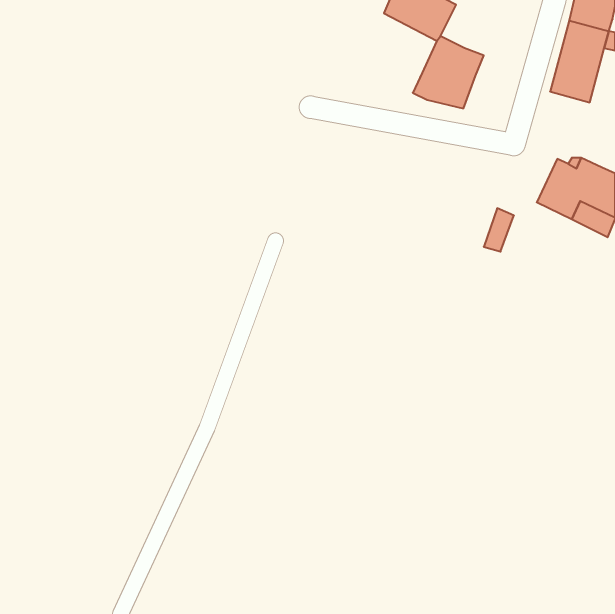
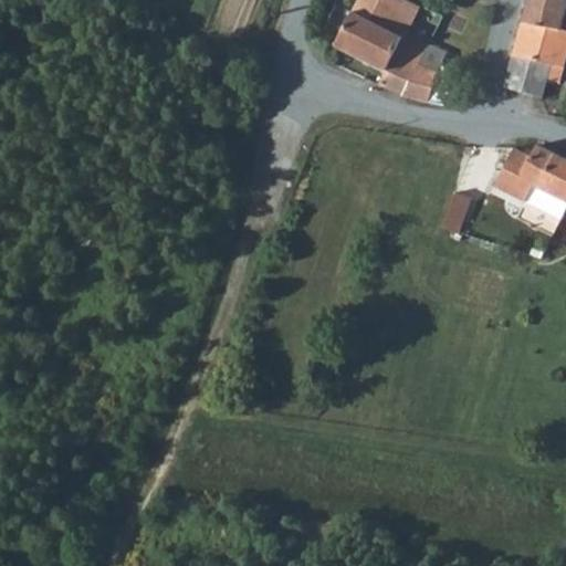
building: none -> [336,12,401,71]

